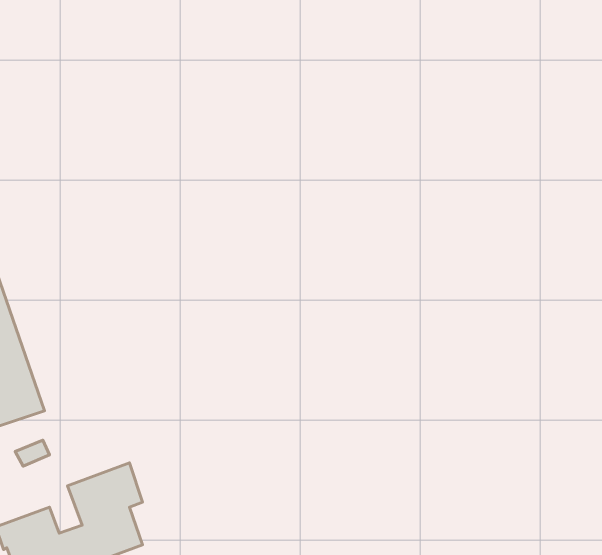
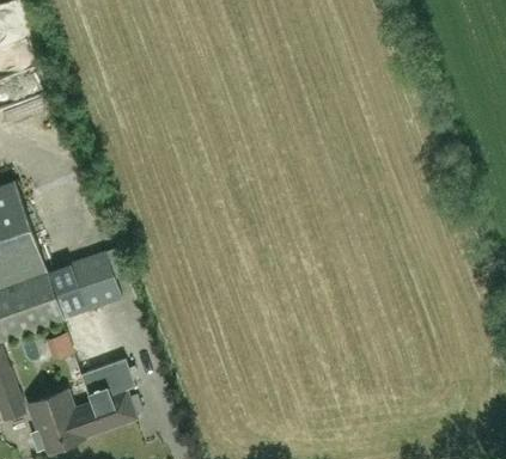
building: none -> [67,251,120,312]

